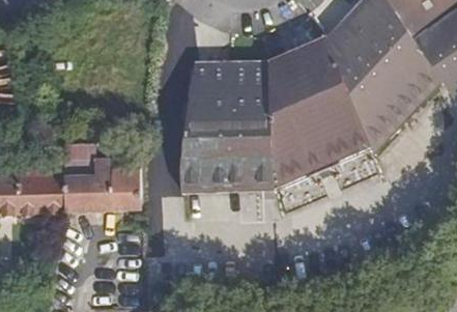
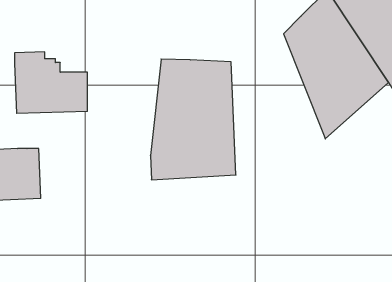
building: [269,36,370,187] -> none
building: [64,146,142,211] -> [15,52,87,113]

